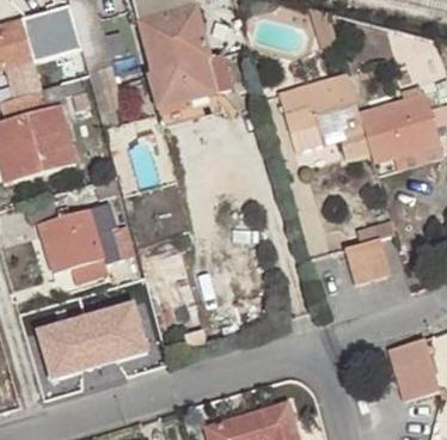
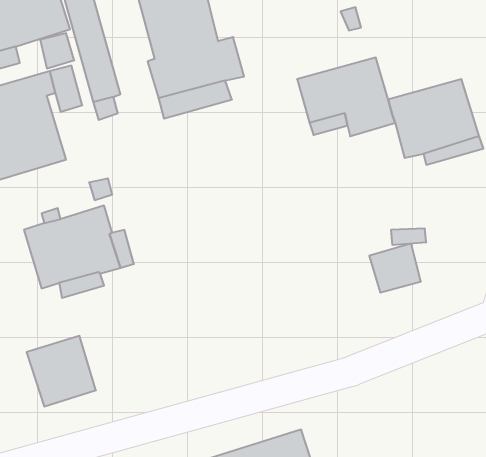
building: [88,302,152,366] -> none
building: [388,338,440,404] -> none

